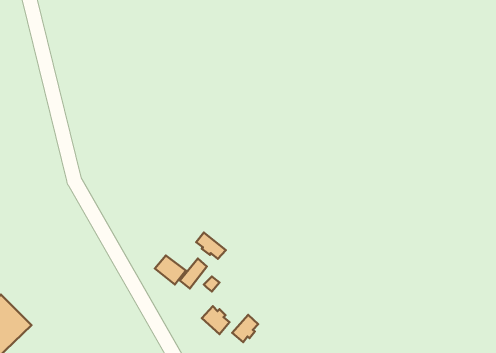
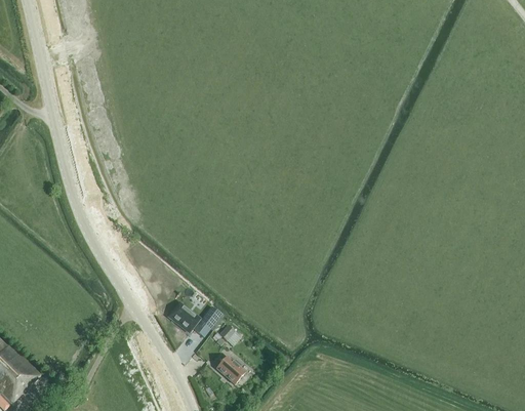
building: [196,233,226,259] -> none
building: [232,315,258,342] -> none

